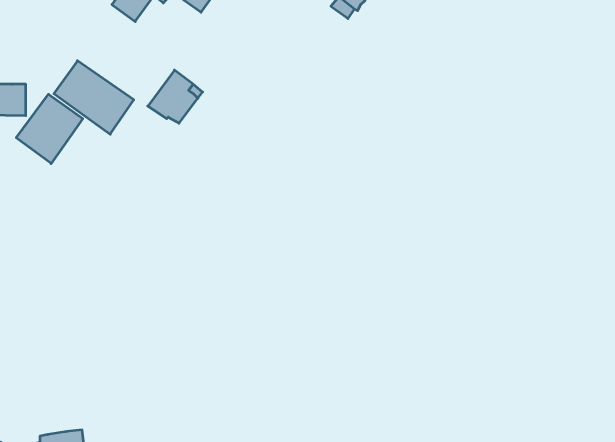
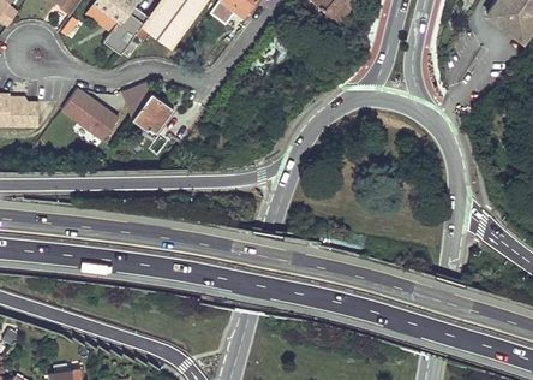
building: [16,94,83,164] -> none

